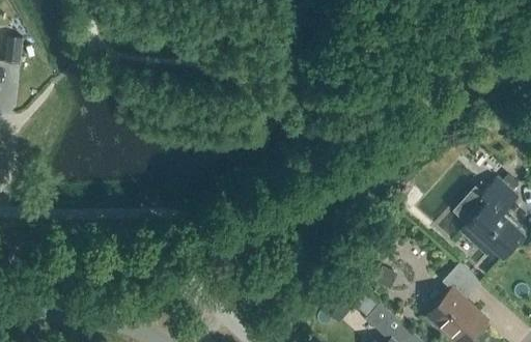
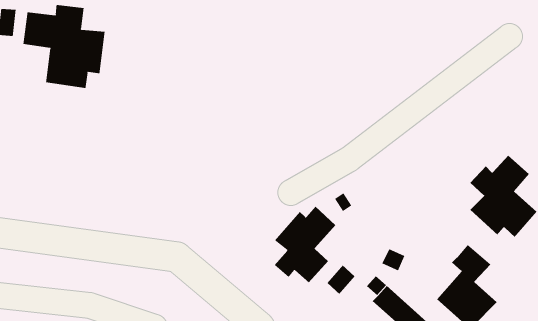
building: none -> [23,4,105,89]
building: none -> [274,206,336,283]

